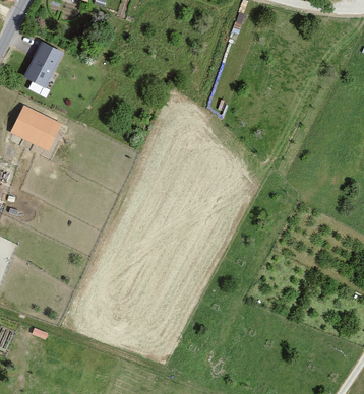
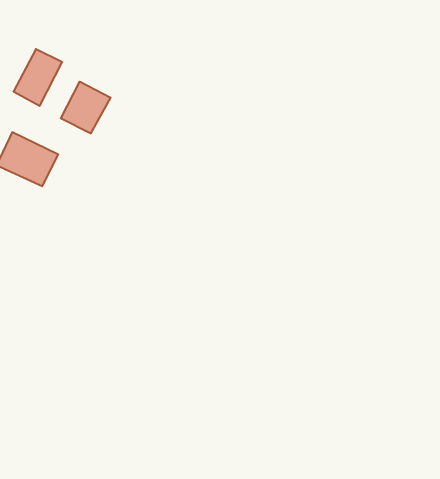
building: none -> [61,82,110,133]

